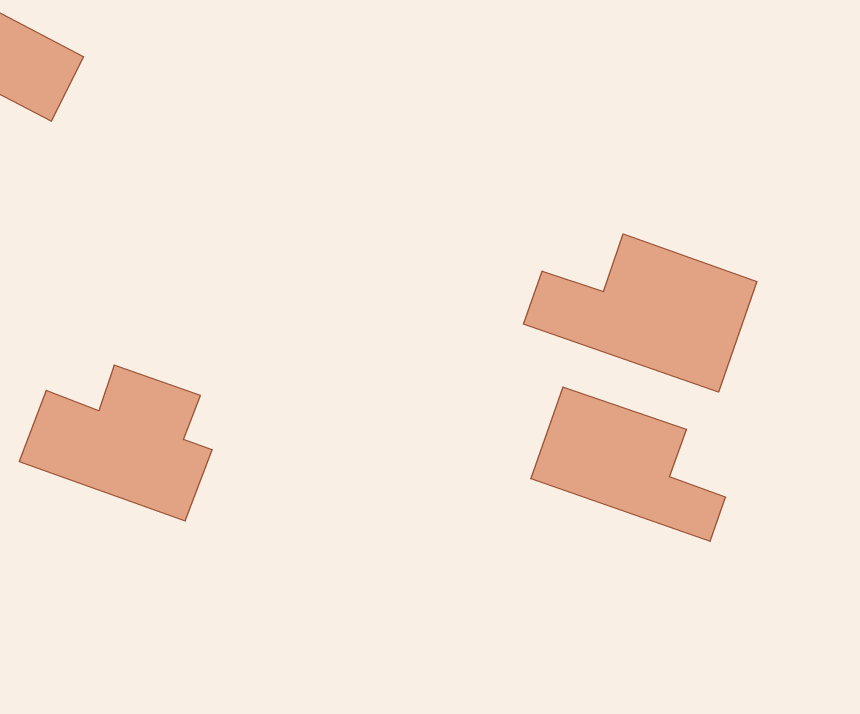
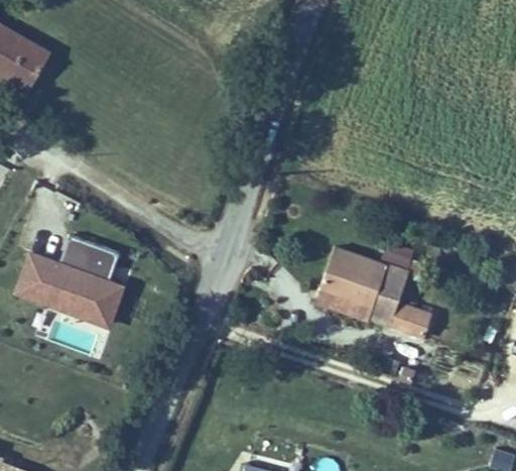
building: [524,234,757,392] -> none

